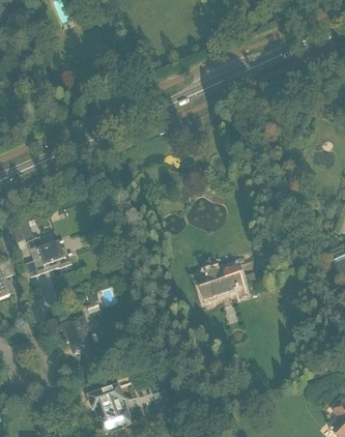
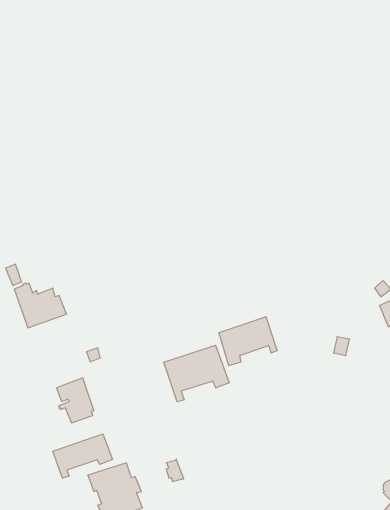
building: none -> [164,345,229,402]
building: none -> [53,434,113,478]

